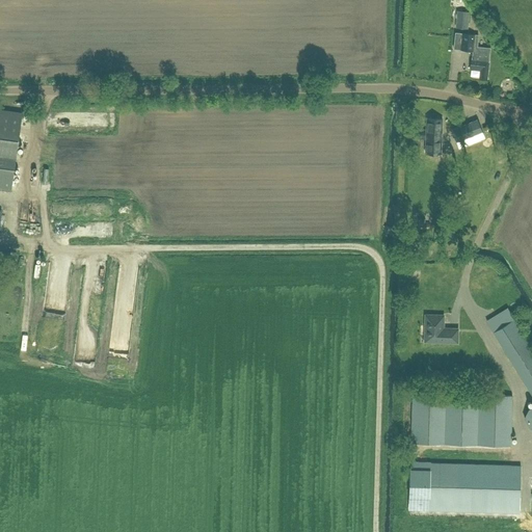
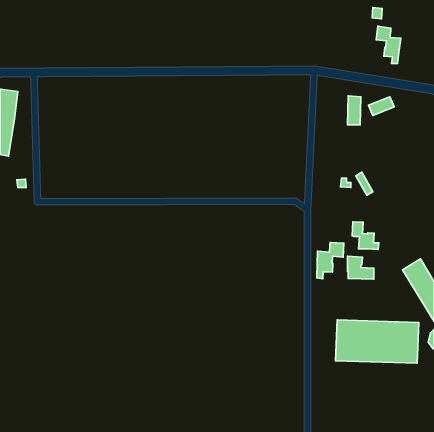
building: none -> [352,222,379,249]
building: none -> [317,243,344,279]
building: [408,463,521,514] -> none

